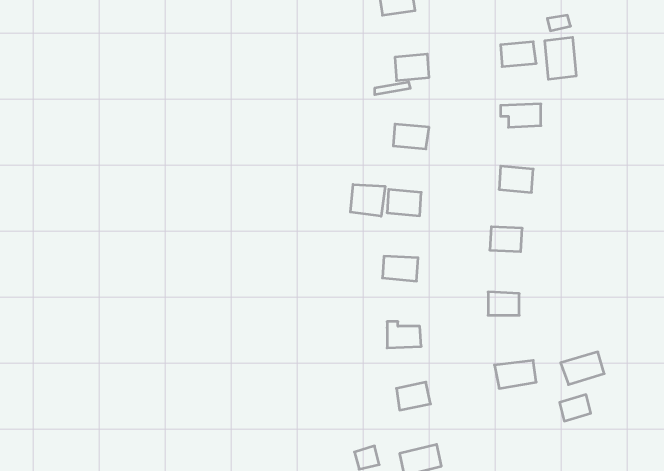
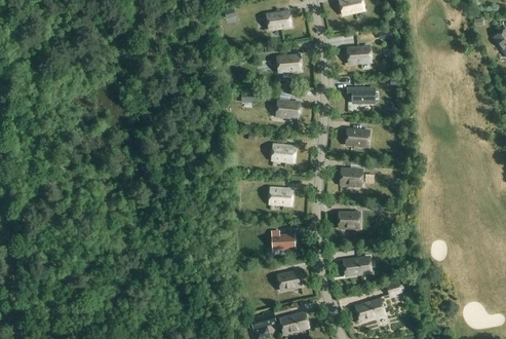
building: [545,37,576,79] -> none
building: [350,184,385,216] -> none
building: [561,352,604,385] -> [355,298,384,319]

